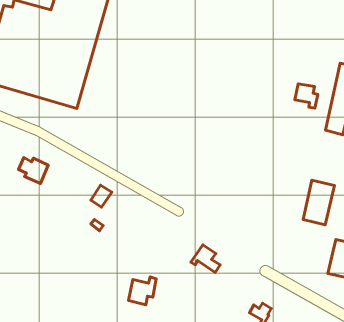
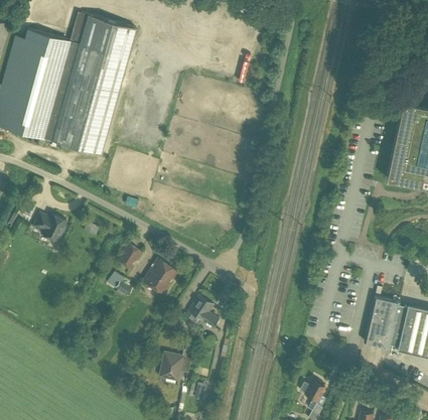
building: [295,84,318,108] -> none
building: [303,180,335,225] -> [364,297,400,348]
building: none -> [141,259,176,295]
building: [191,245,220,273] -> [184,296,219,328]

